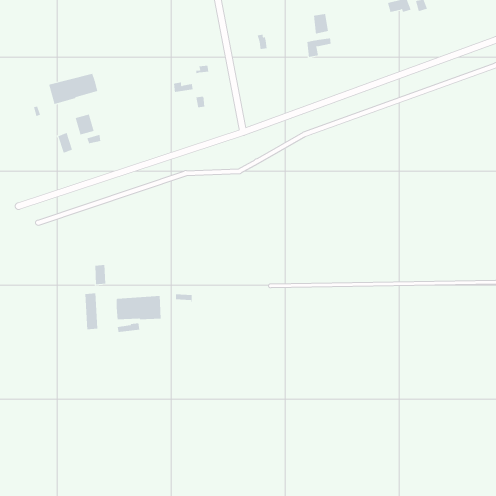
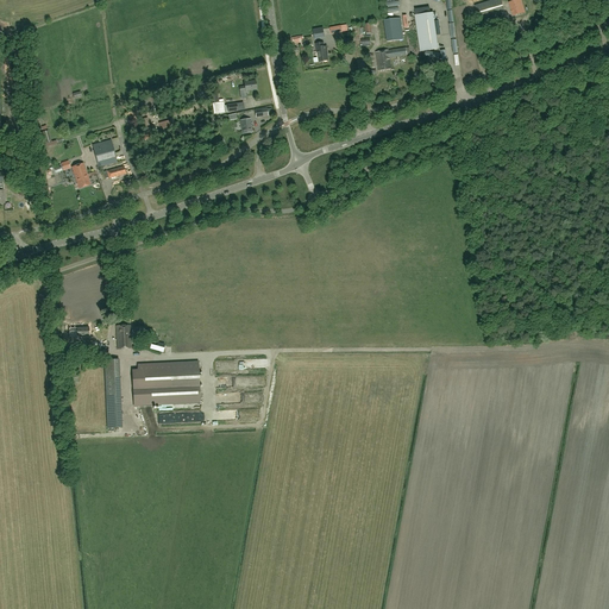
building: none -> [414,12,441,50]
building: [48,73,98,105] -> none

